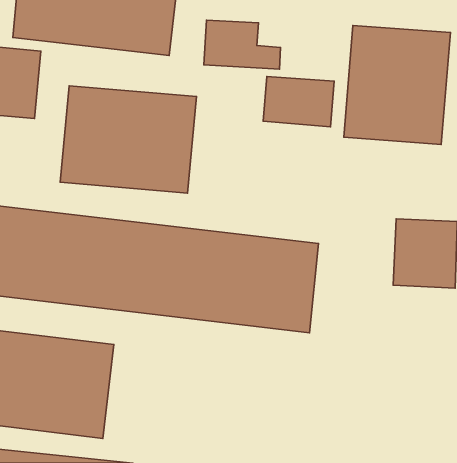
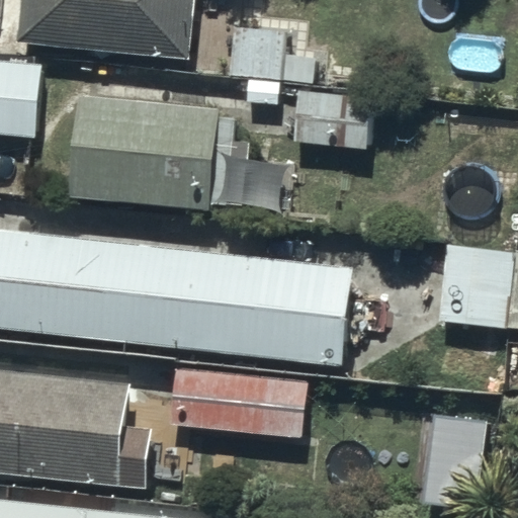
building: [344,25,450,145] -> none
building: none -> [167,363,308,432]

